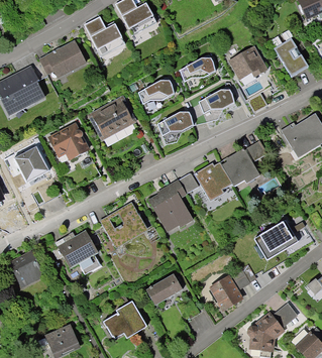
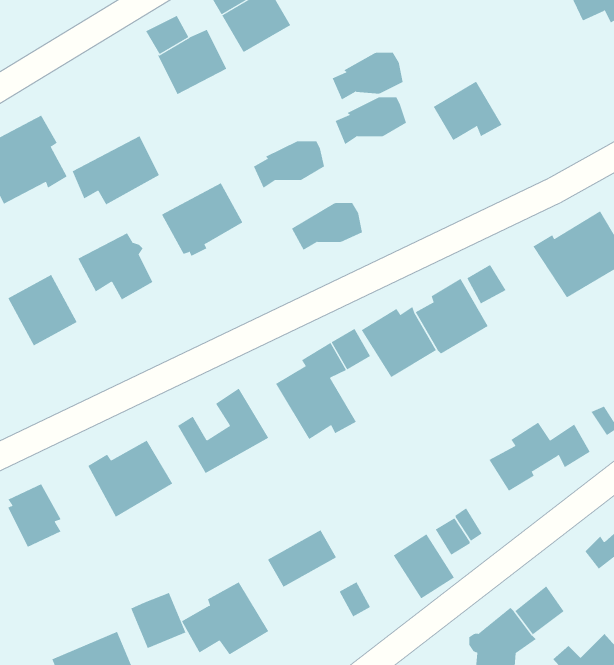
building: [273,38,307,78] -> none
building: [40,41,85,77] -> [72,135,160,205]
building: [199,88,235,112] -> [332,52,404,100]
building: none -> [130,592,186,649]

